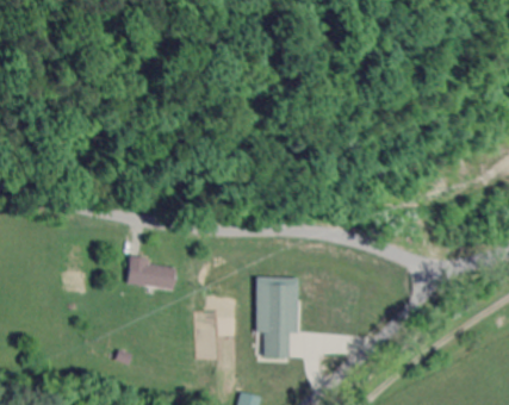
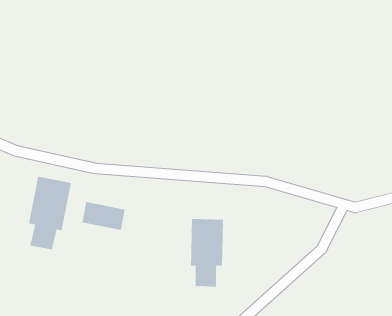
building: none -> [28,176,72,250]

